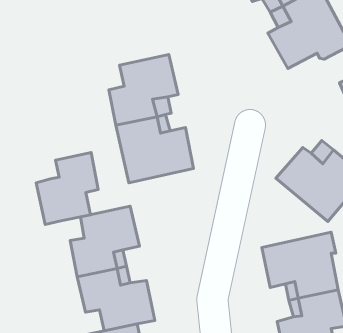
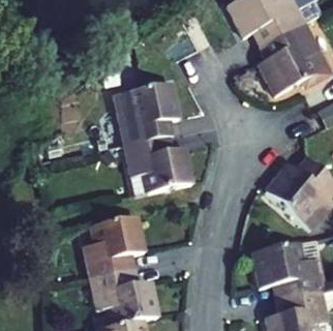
building: [36,152,98,224] -> none

